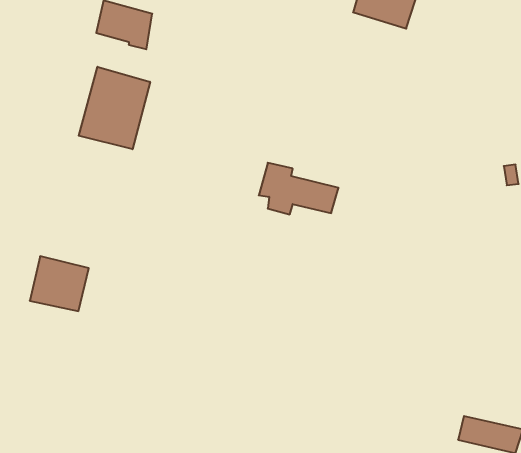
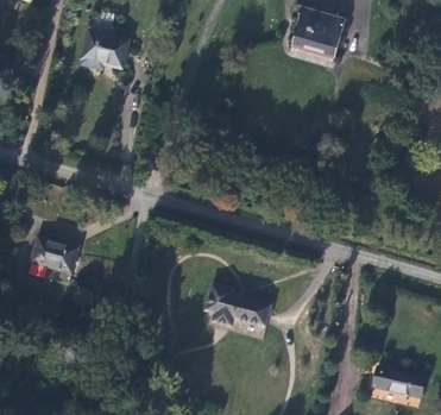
building: [79,67,150,149] -> none
building: [259,163,339,214] -> [207,282,271,323]

